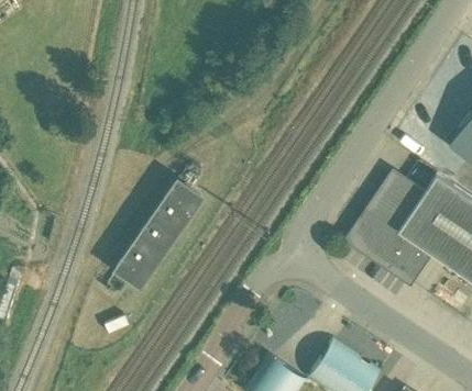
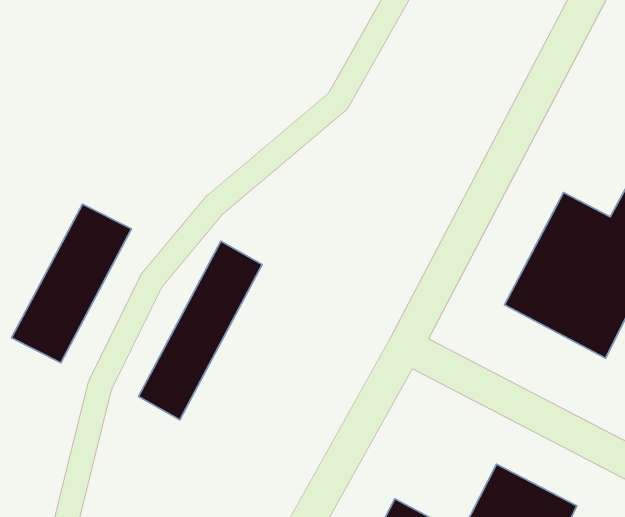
building: none -> [12,204,132,363]

